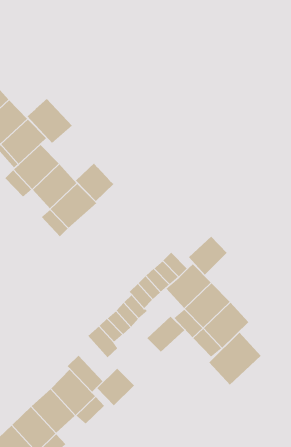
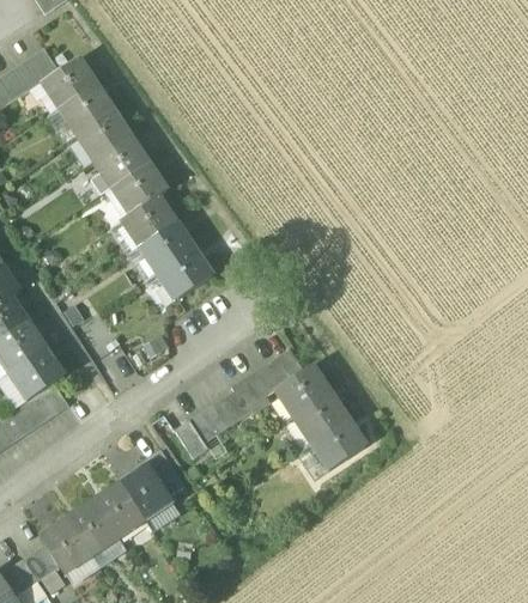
building: [26,98,73,144] -> none
building: [75,163,115,202] -> none
building: [188,236,227,276] -> none
building: [146,316,185,353] -> none
building: [209,332,261,385] -> none
building: [96,368,135,406] -> none

